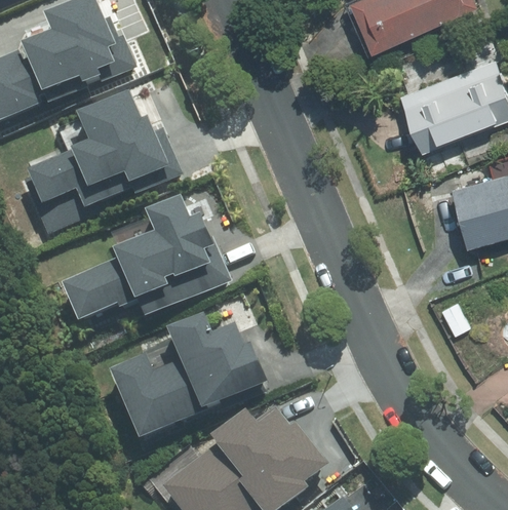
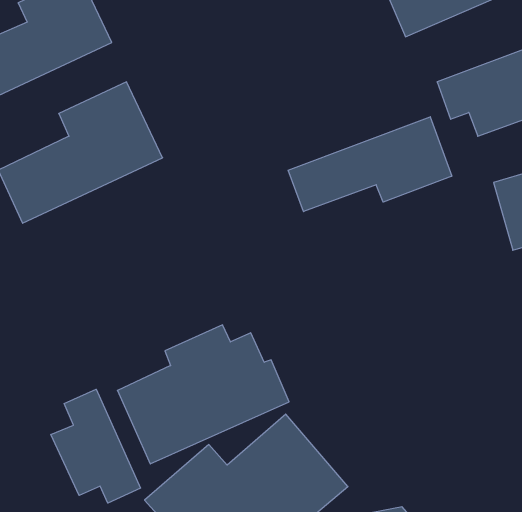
building: none -> [288,117,452,212]
building: [71,197,233,324] -> none
building: none -> [51,389,140,503]

